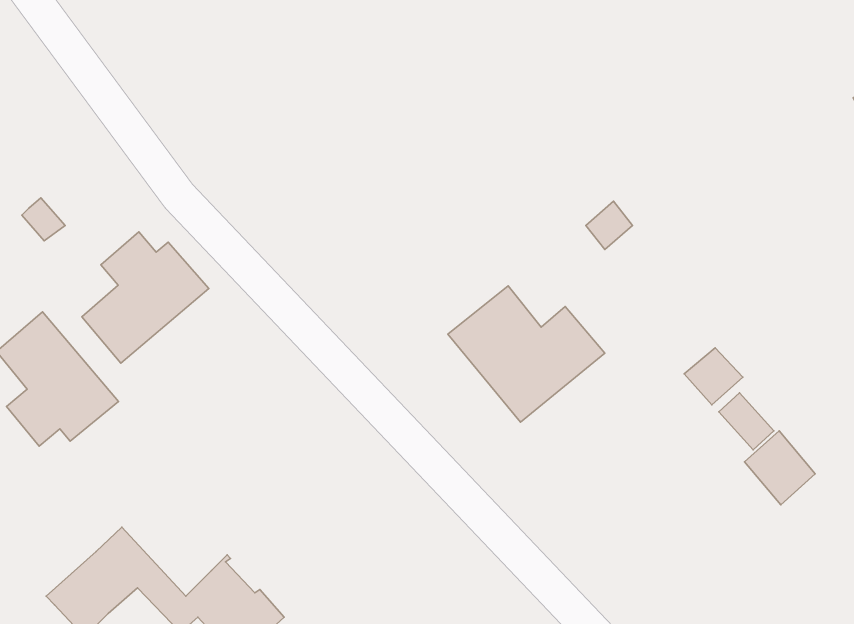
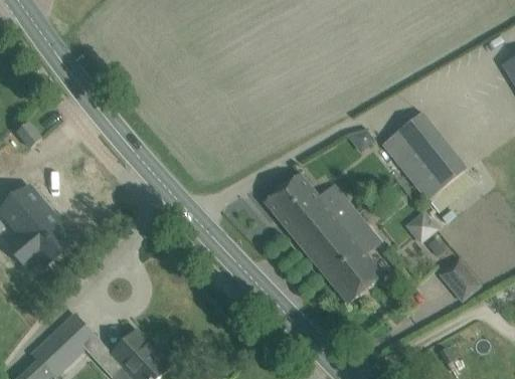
building: none -> [376,113,467,201]
building: [82,232,209,363] -> none
building: none -> [307,212,382,302]

